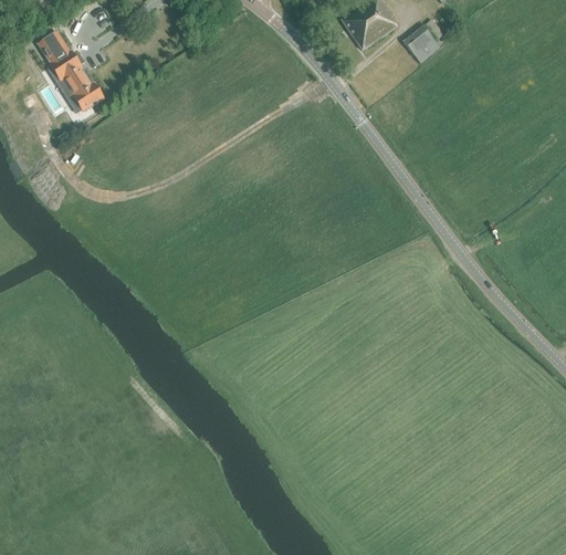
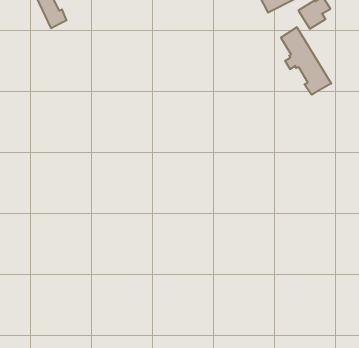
building: none -> [281,27,331,95]

